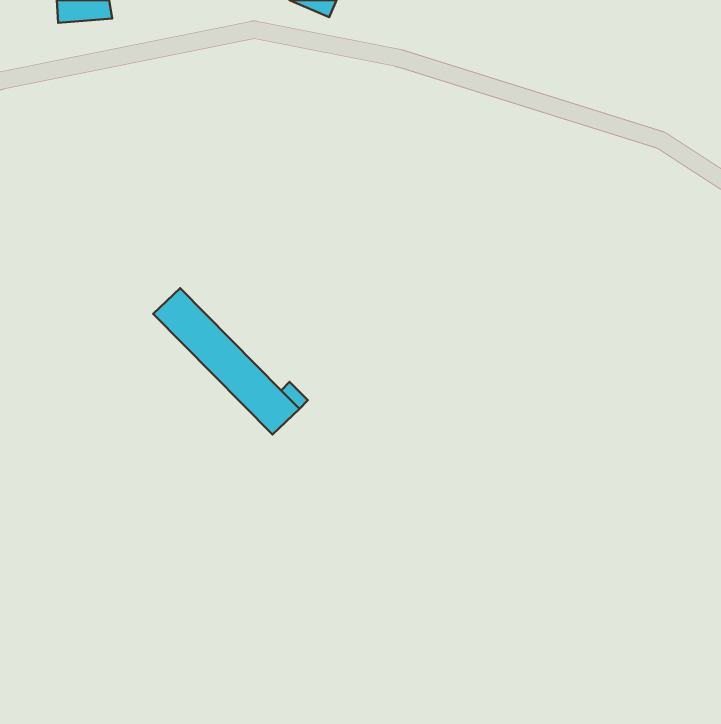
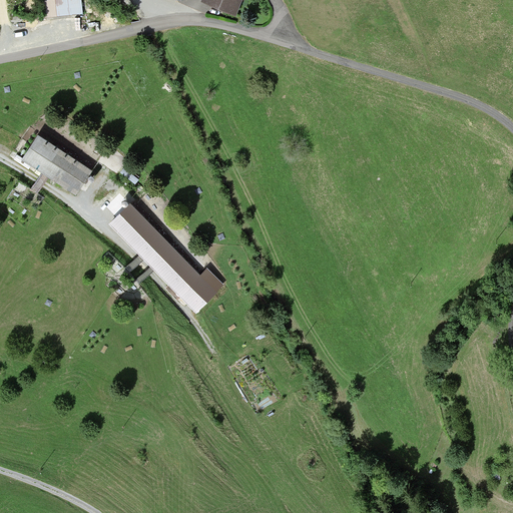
building: none -> [23,135,90,192]

